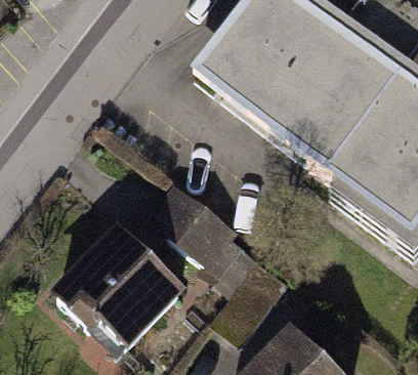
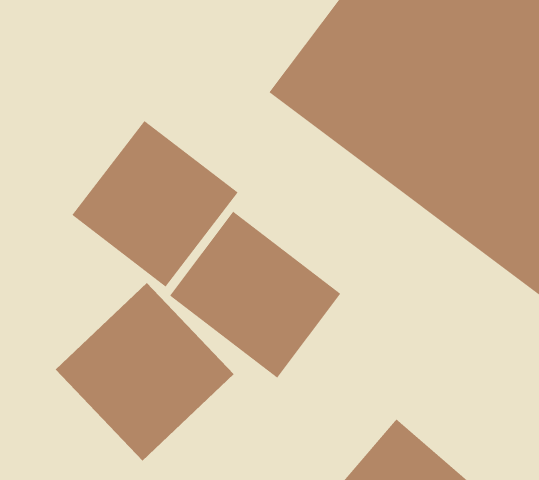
building: none -> [72,120,238,287]

